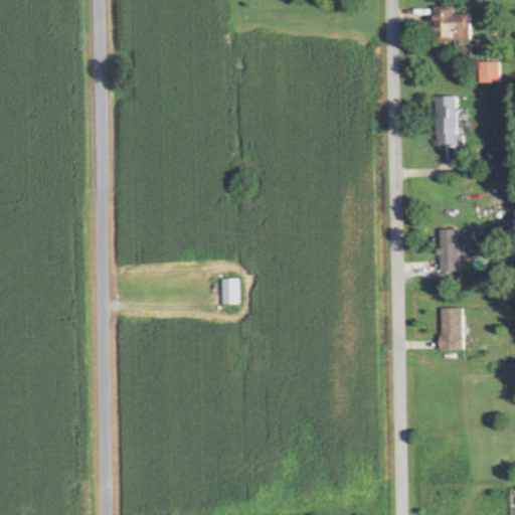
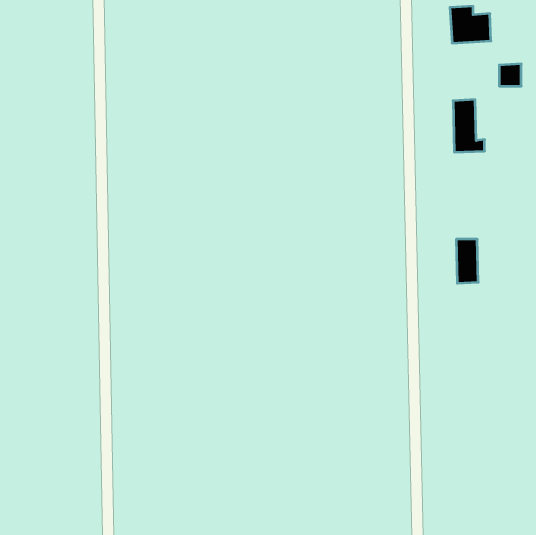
building: [221,279,238,304] -> none
building: [440,308,463,350] -> none

